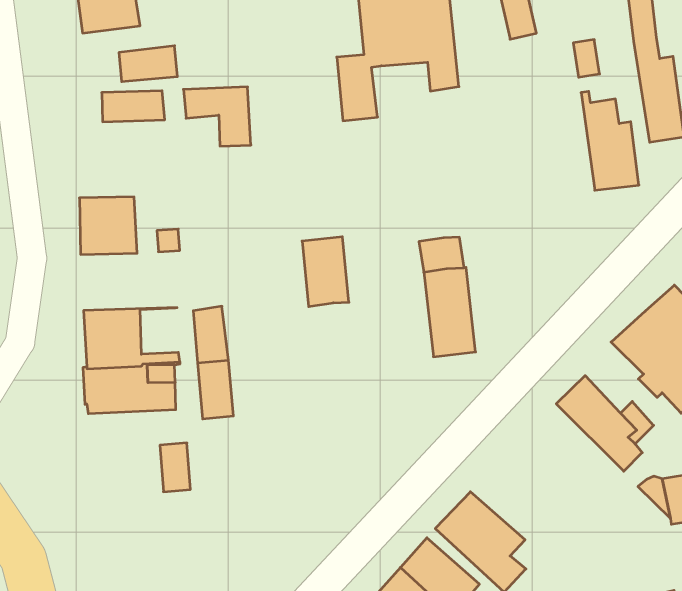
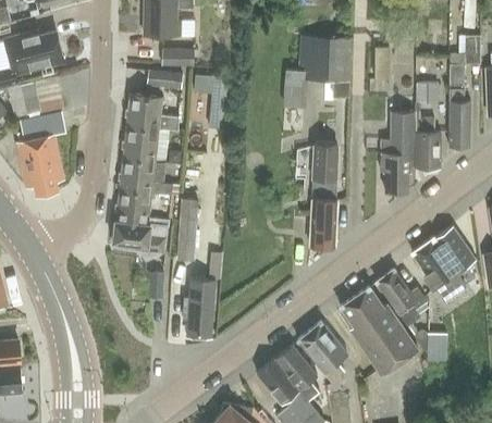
building: none -> [381,112,414,191]
building: none -> [127,95,181,130]
building: [302,237,349,307] -> [312,144,337,182]
building: none -> [120,158,172,196]
building: none -> [339,288,416,375]
building: none -> [183,278,214,338]

